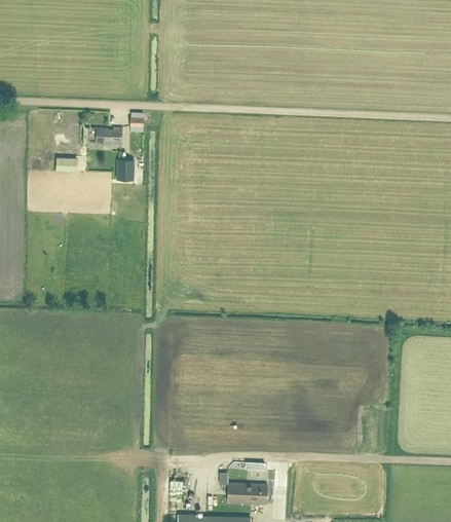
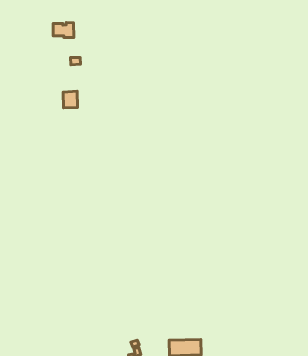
building: [95,127,121,147] -> [53,23,74,37]

